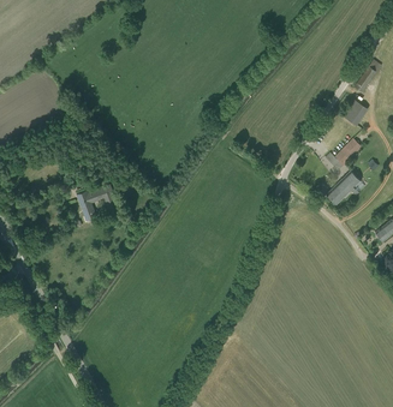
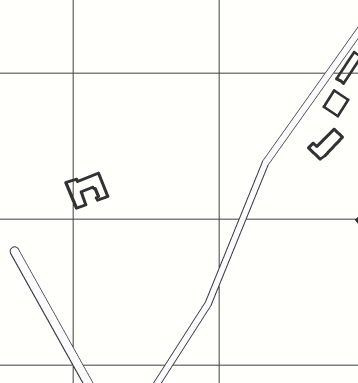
building: [324,172,364,205] -> none

